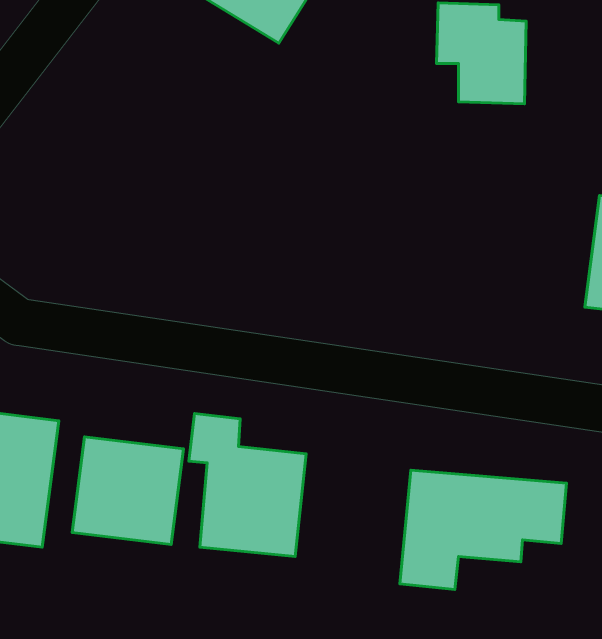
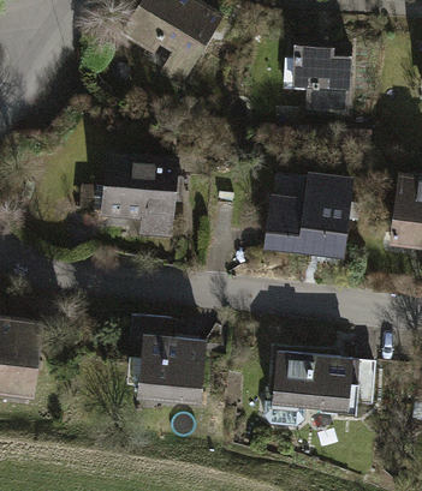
building: none -> [99,146,178,238]
building: none -> [265,169,353,257]
building: [72,437,183,545] -> none

